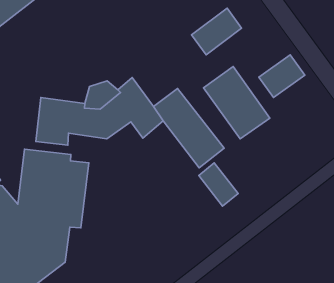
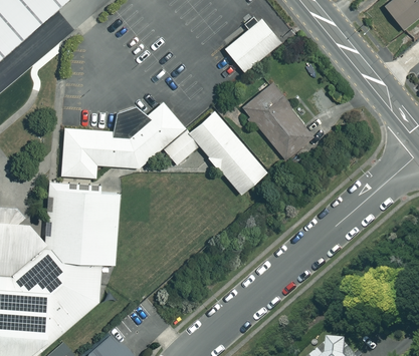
building: [259,55,305,97] -> none
building: [199,163,238,206] -> none

